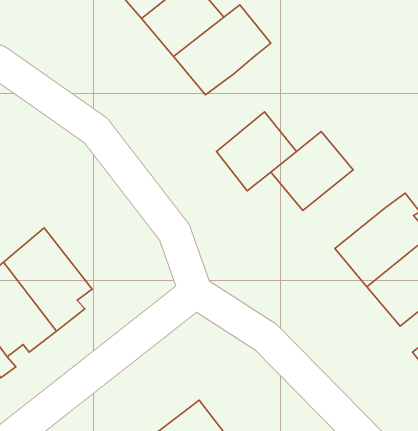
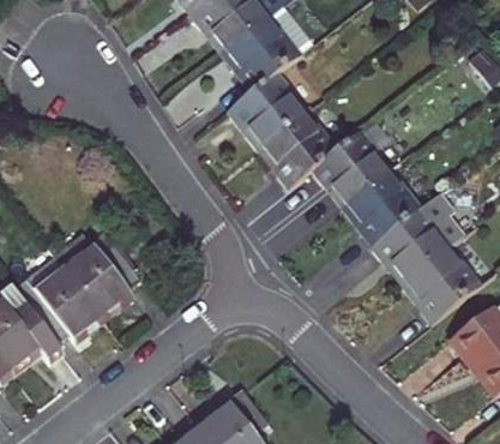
building: none -> [227,72,305,148]
building: none -> [342,166,422,242]

